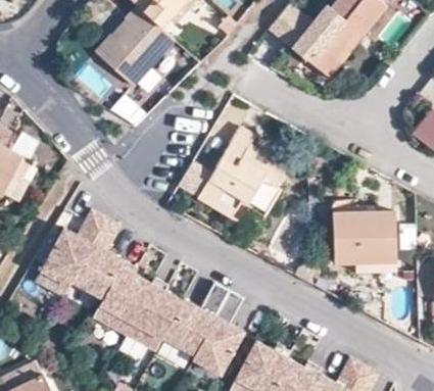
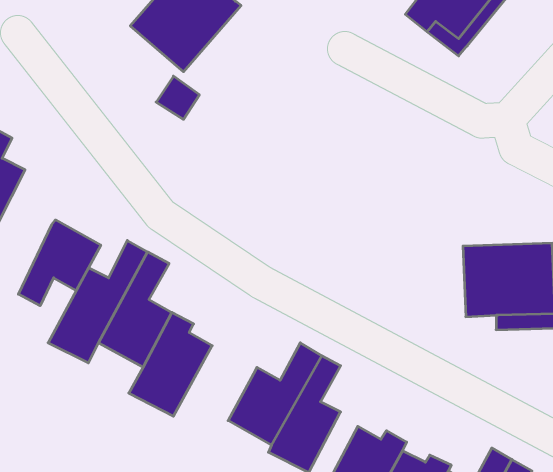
building: [196,128,286,218] -> none
building: none -> [18,220,101,306]
building: [126,278,184,351] -> none

